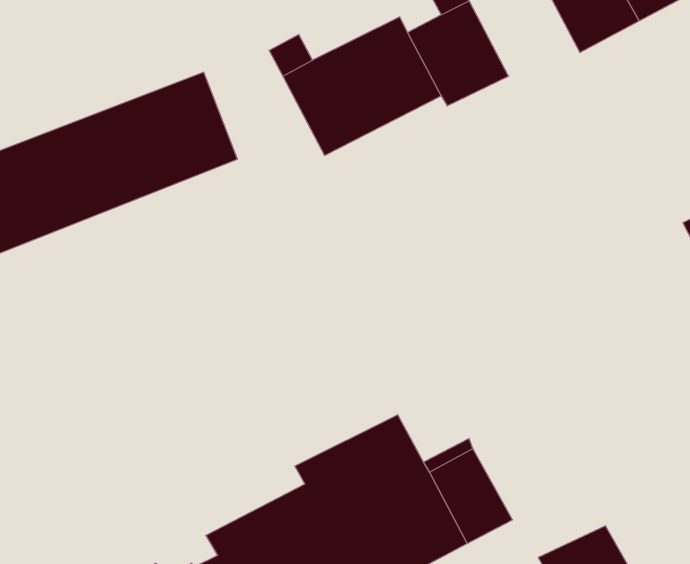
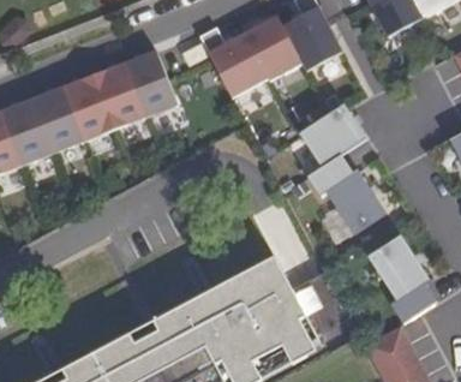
building: none -> [291,105,387,231]
building: none -> [370,234,438,322]

